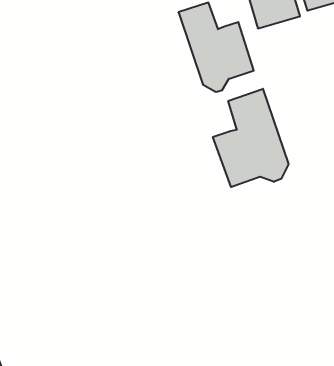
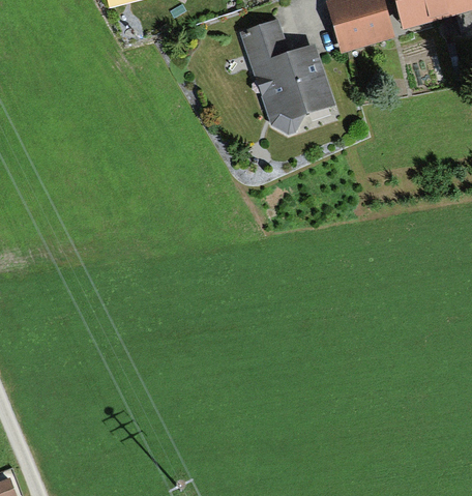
building: [213,89,288,187] -> none

